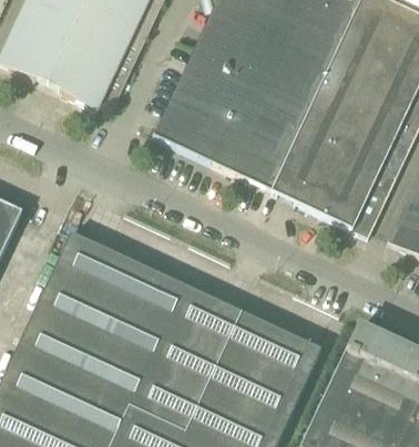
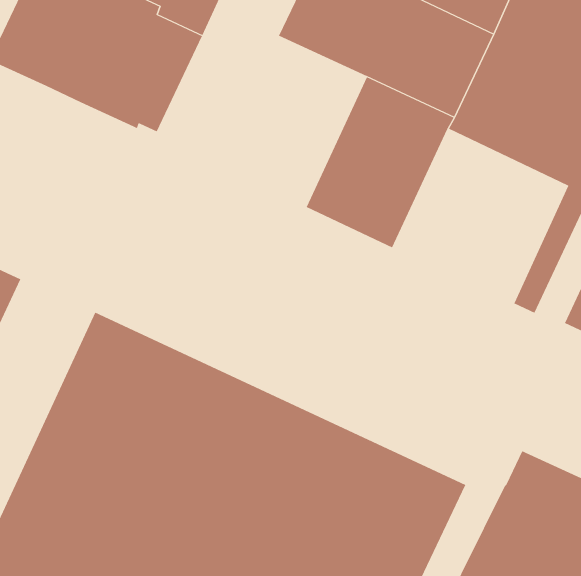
building: [153,44,254,160] -> none
building: [272,107,390,226] -> none

